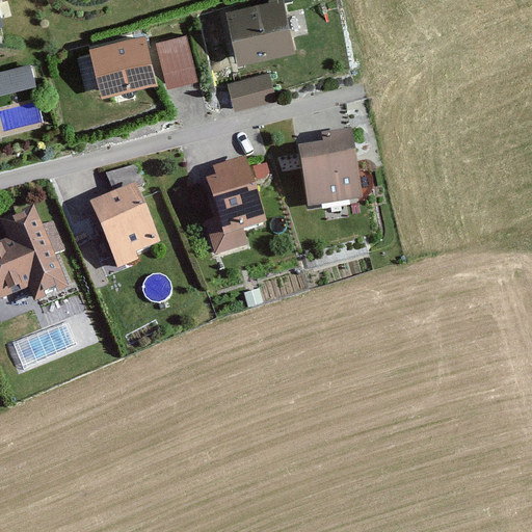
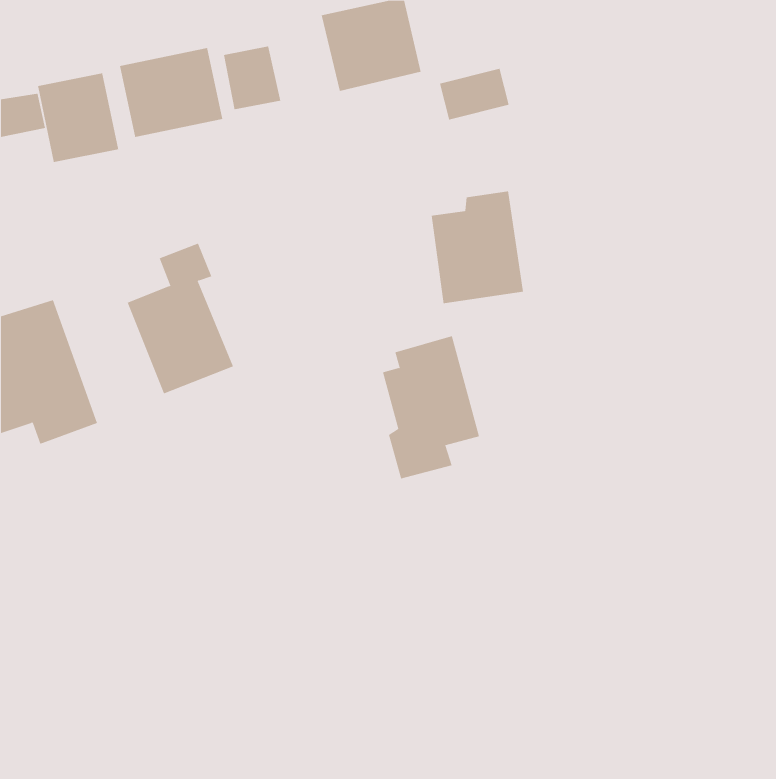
building: none -> [38,72,119,163]
building: [229,72,276,107] -> [439,68,509,120]
building: [201,157,267,255] -> [382,336,480,479]

